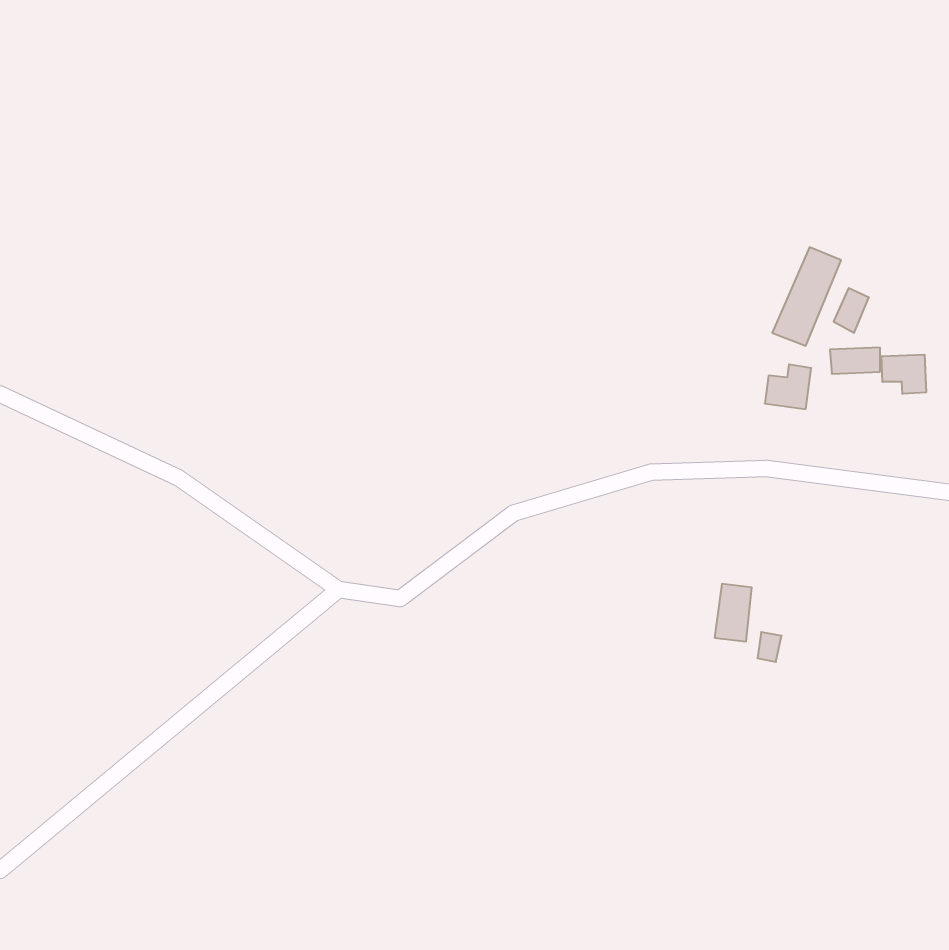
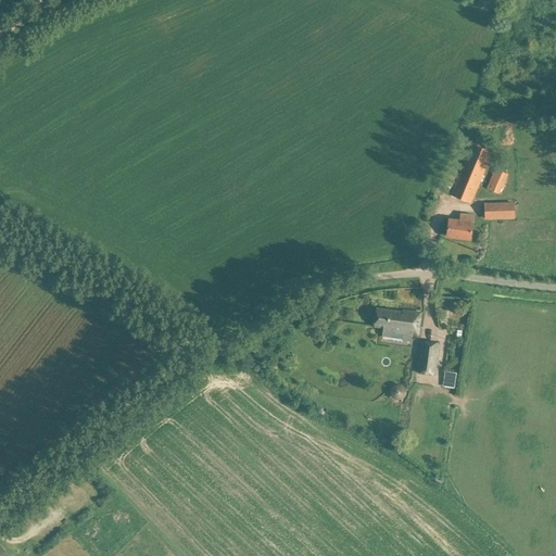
building: [881,355,926,394] -> none
building: none -> [375,308,421,340]

